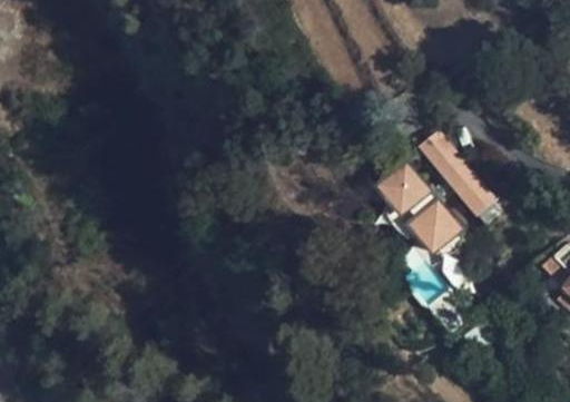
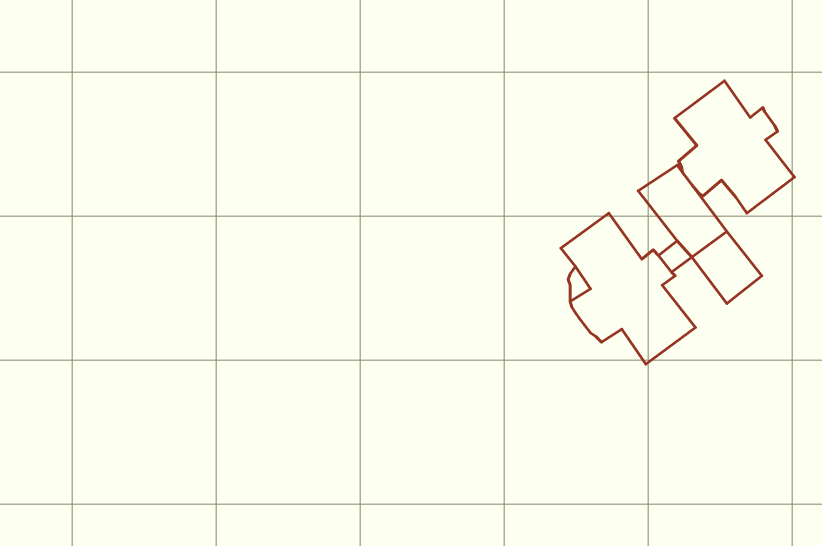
building: none -> [674,81,795,213]

